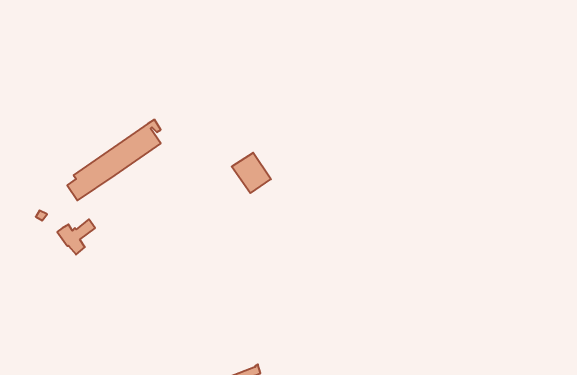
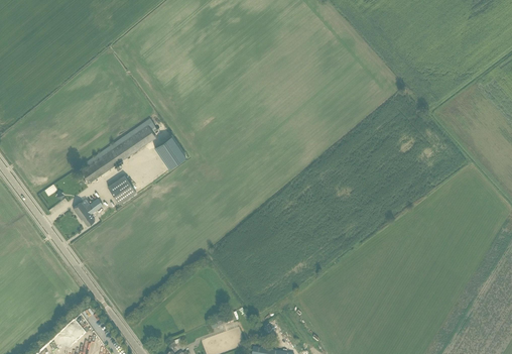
building: [232,153,271,193] -> [154,134,185,166]
building: none -> [108,173,136,202]

